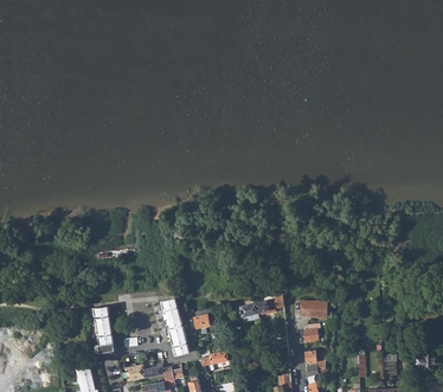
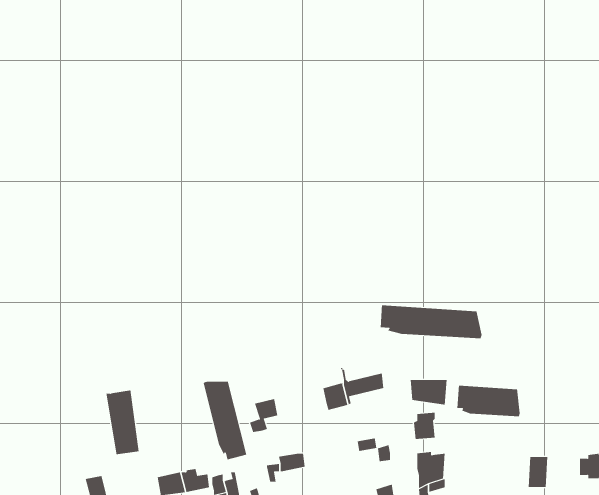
building: none -> [380,304,482,339]
building: none -> [457,385,520,417]

